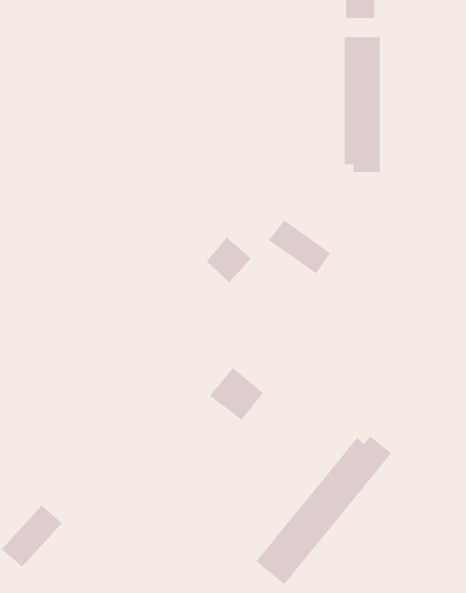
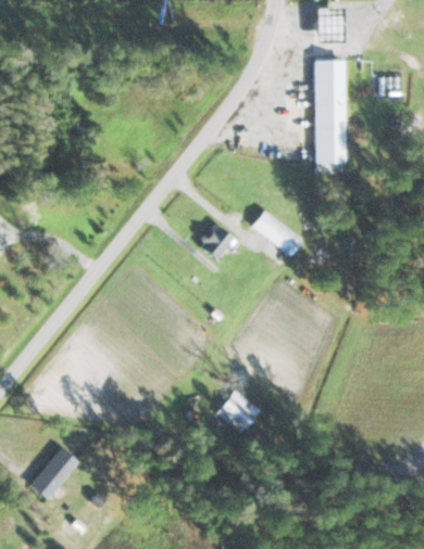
building: [209,367,264,421] -> [217,390,263,434]
building: [255,436,392,585] -> none

